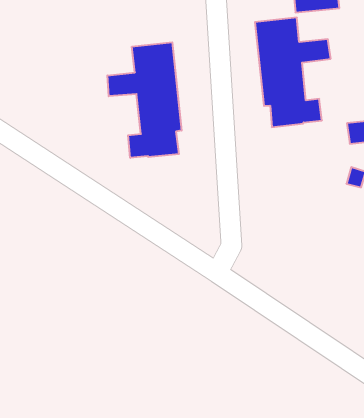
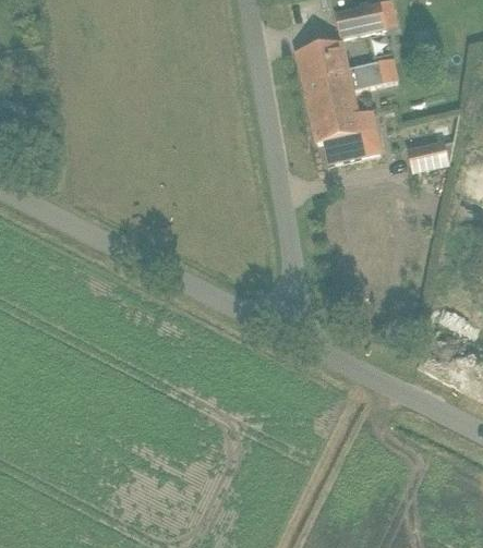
building: [107,42,182,158] -> none

